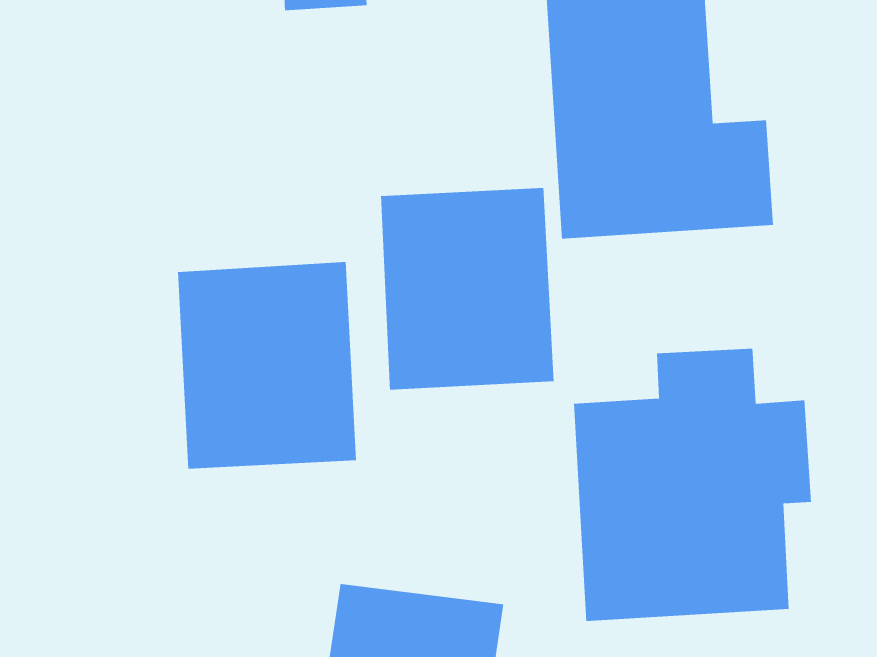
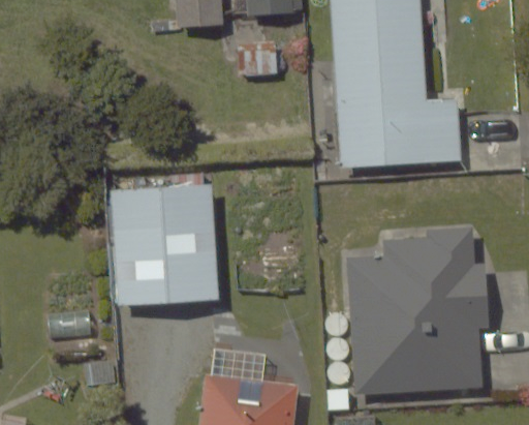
building: [381,187,554,390] -> none

